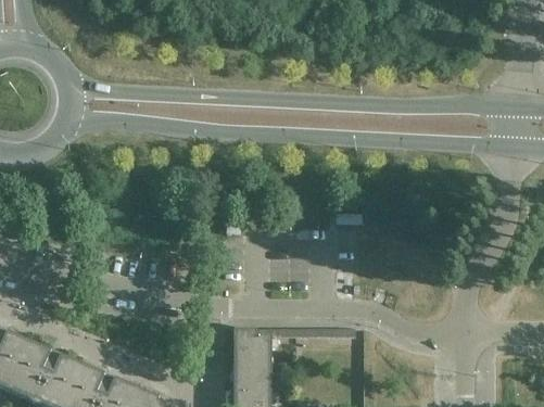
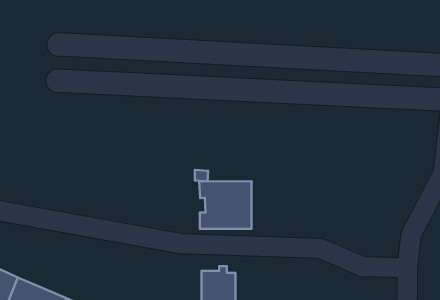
building: none -> [199,181,252,229]

